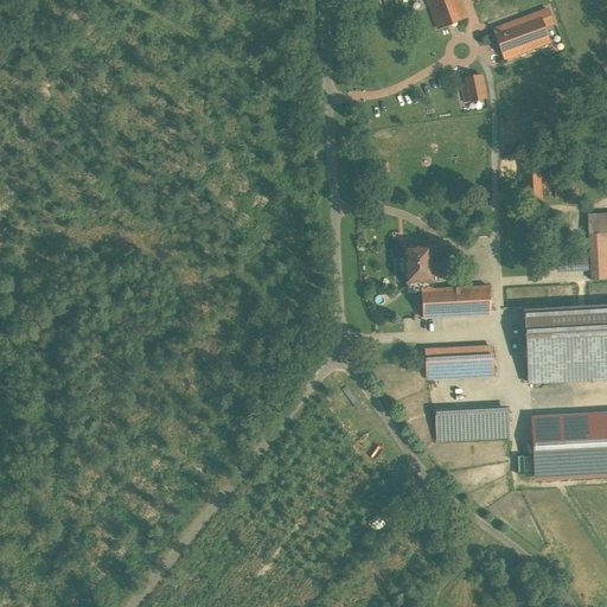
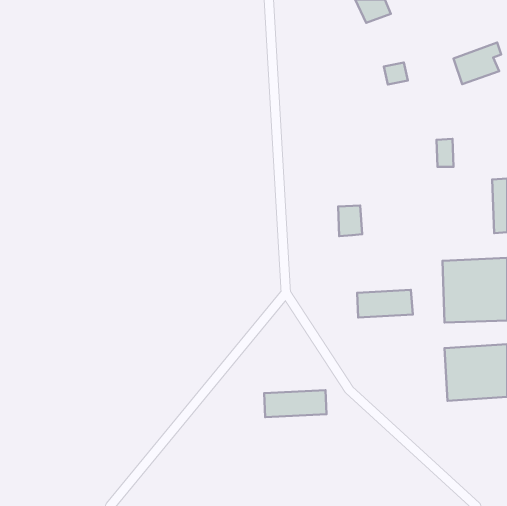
building: [496,8,552,58] -> [453,43,501,84]
building: [421,280,490,317] -> none
building: [435,408,510,440] -> [264,390,327,417]

